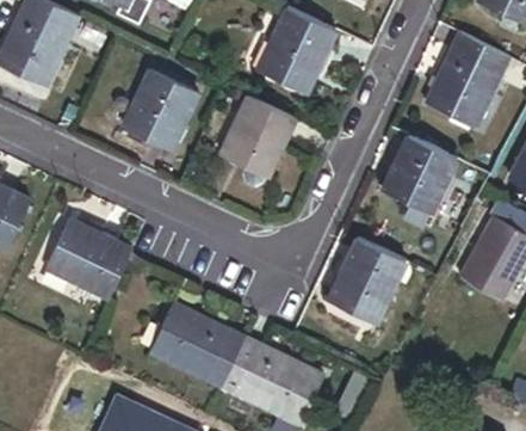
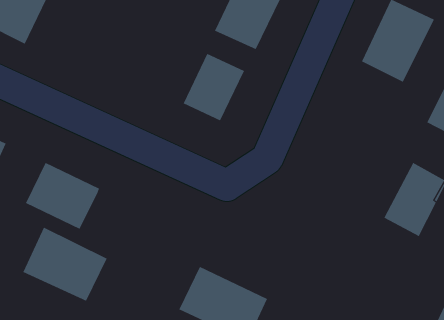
building: [124,69,199,148] -> none
building: [383,136,454,213] -> none
building: [327,238,404,322] -> none
building: [148,302,245,387] -> [22,227,107,302]

